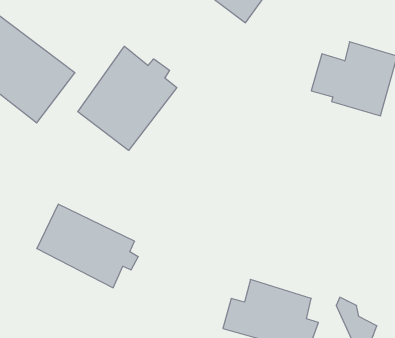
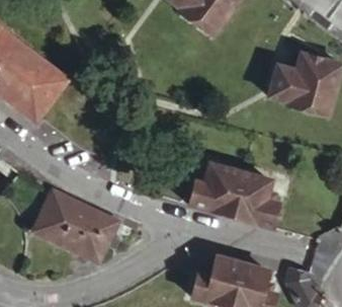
building: [78,46,177,150] -> none
building: none -> [184,163,277,225]

